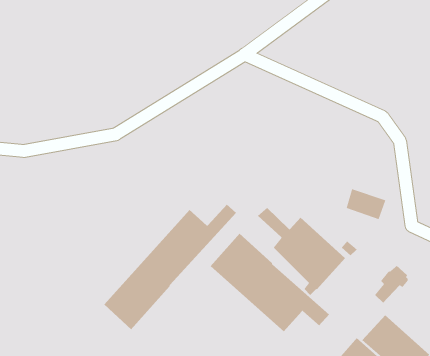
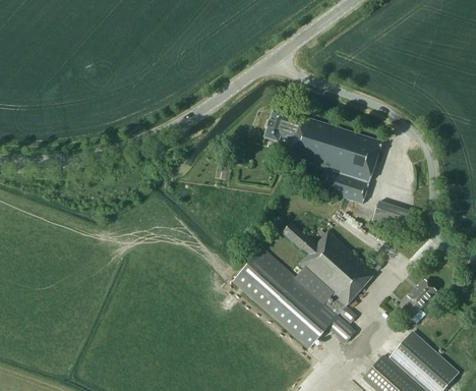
building: none -> [264,106,382,202]
building: [103,204,237,330] -> none

